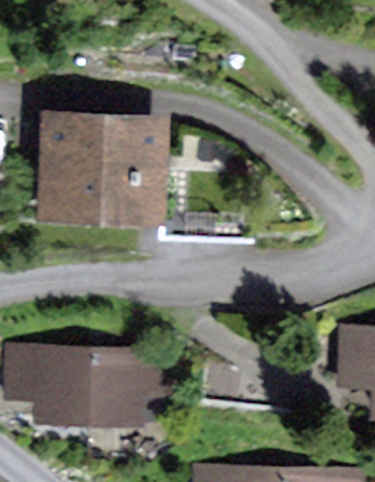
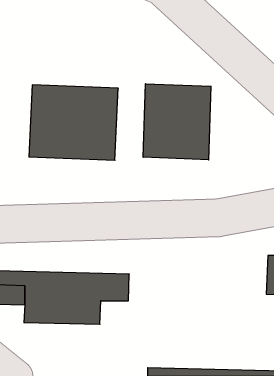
building: none -> [143,84,211,160]

